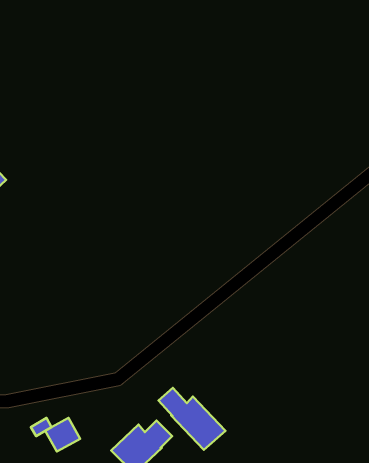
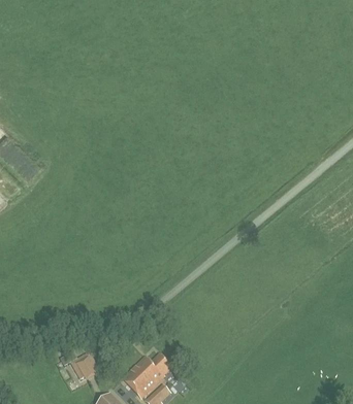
building: [159,388,225,450] -> none

